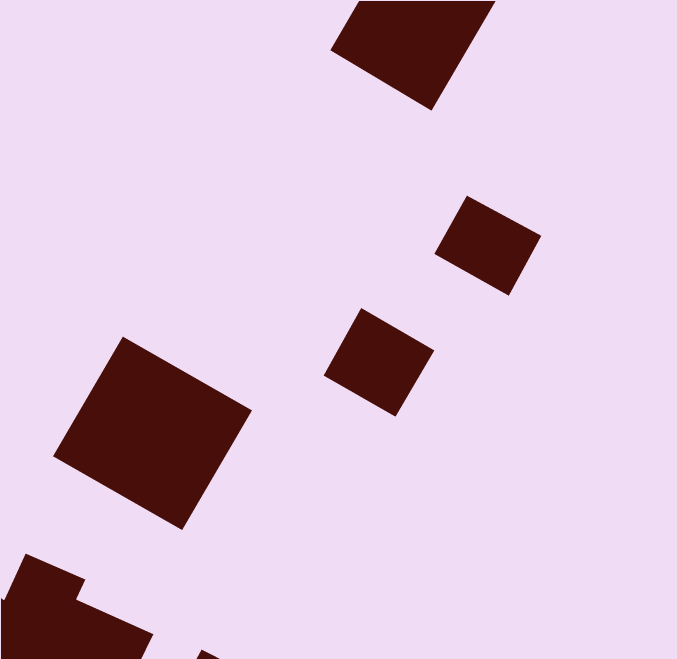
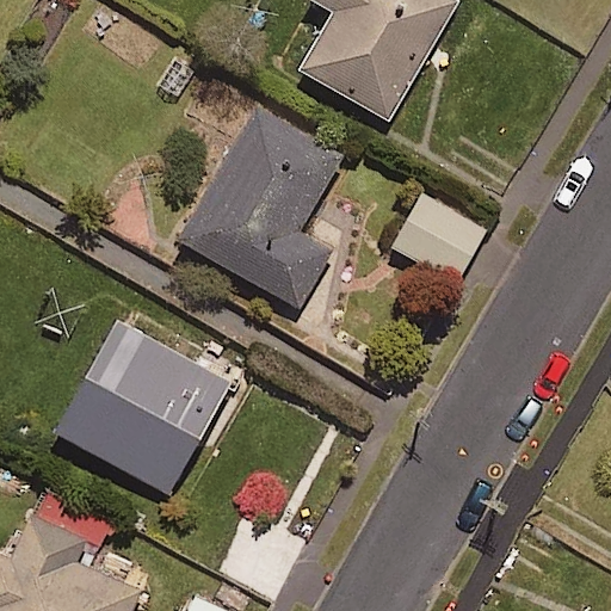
building: none -> [174,98,345,310]
building: [322,307,435,418] -> none

